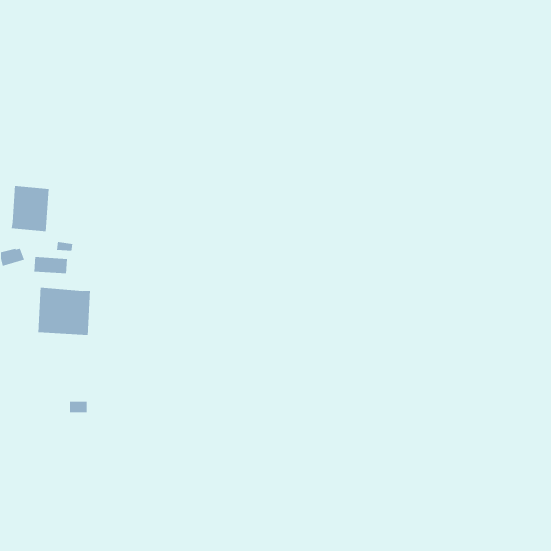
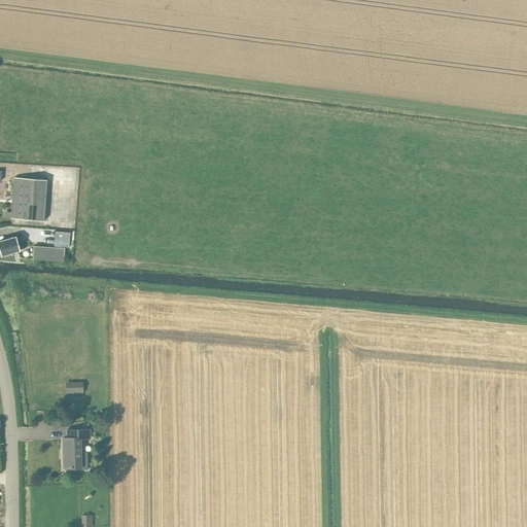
building: [38,287,90,336] -> none
building: none -> [63,429,90,470]

